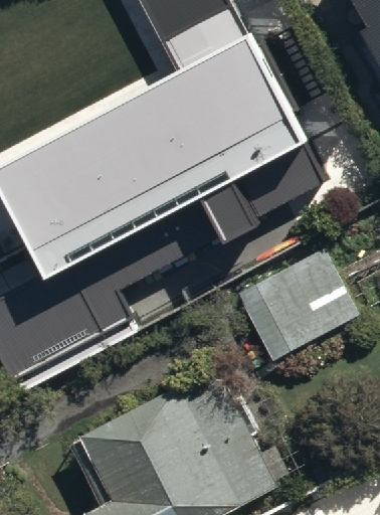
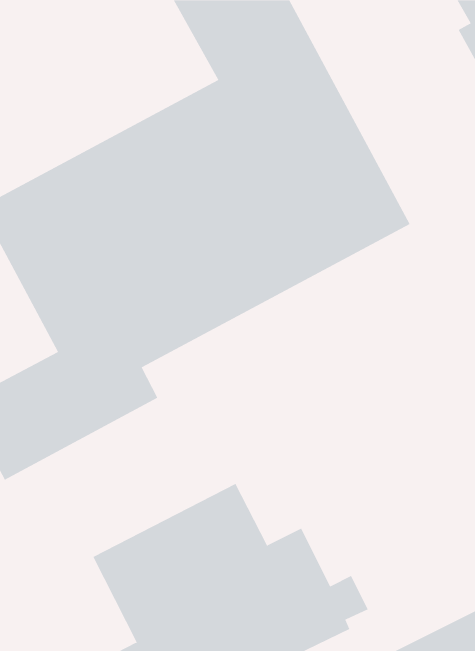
building: [237,251,360,364] -> none

